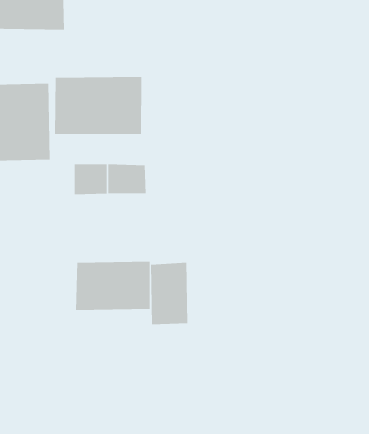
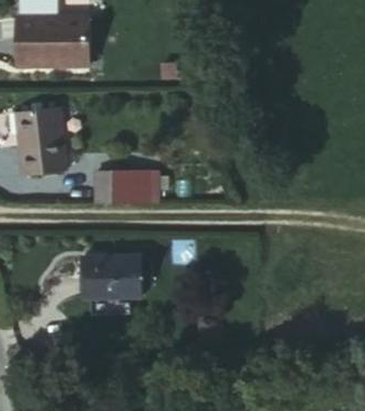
building: [55,76,142,135] -> none
building: [151,262,188,325] -> none

